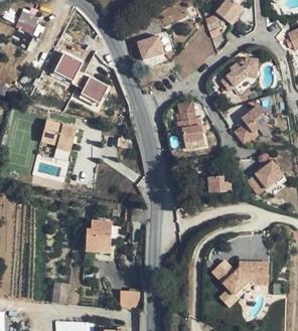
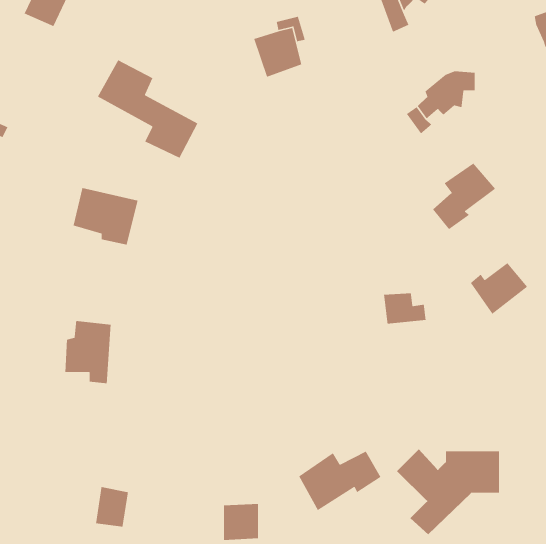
building: [175,112,201,143] -> none
building: [85,219,110,254] -> [64,320,111,384]
building: none -> [298,450,381,511]

